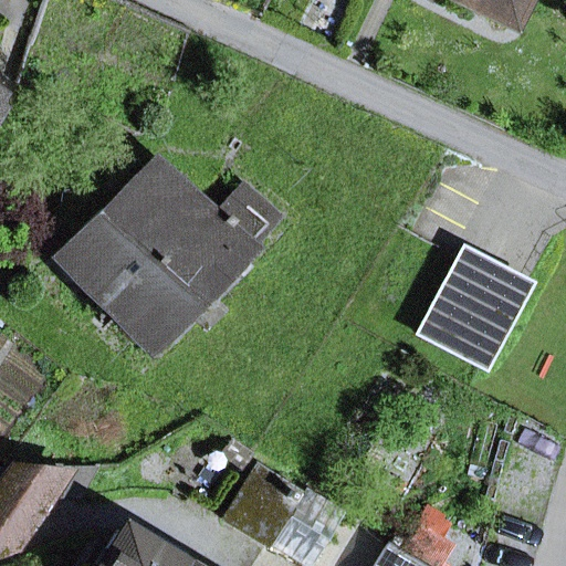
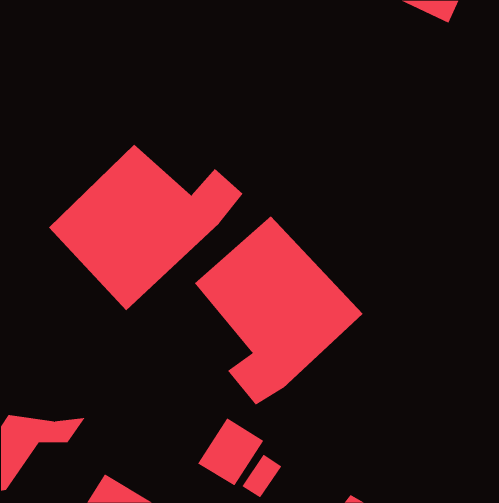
building: none -> [194,216,363,405]
building: [421,258,527,369] -> none

